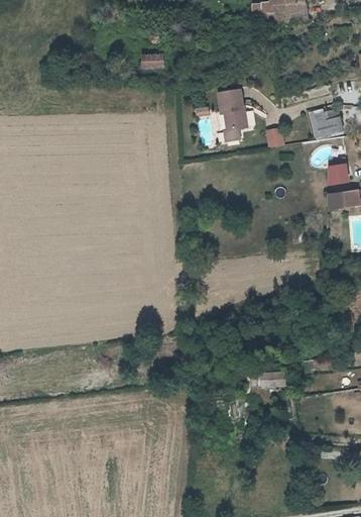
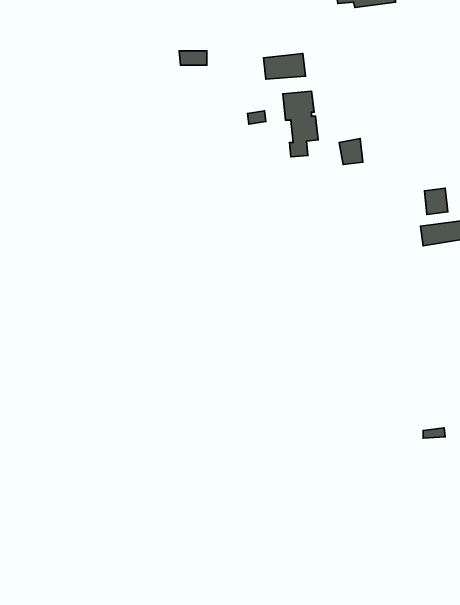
building: none -> [264,53,305,79]
building: [311,110,344,137] -> none

